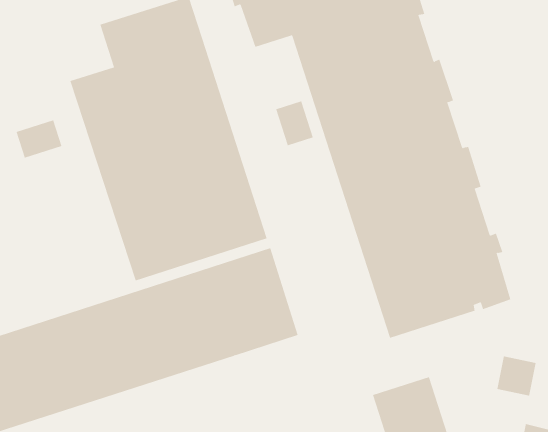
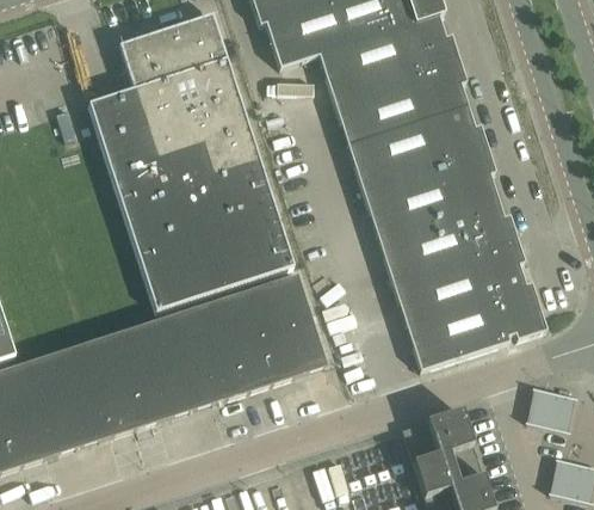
building: [276,101,314,146] -> none
building: [16,119,62,158] -> none

